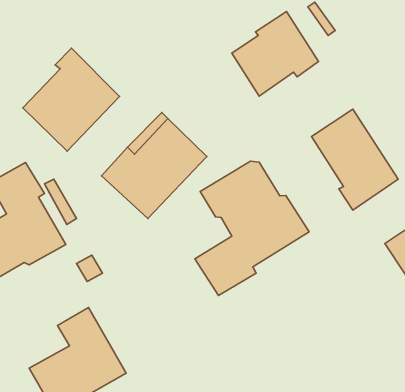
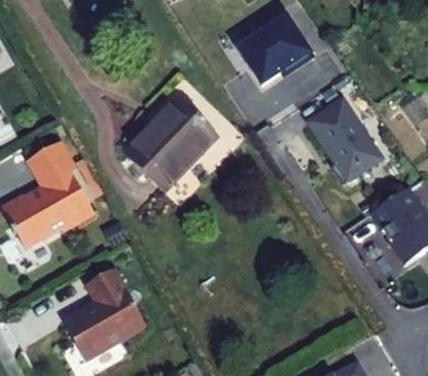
building: [23,48,120,151] -> none
building: [195,161,309,295] -> none

